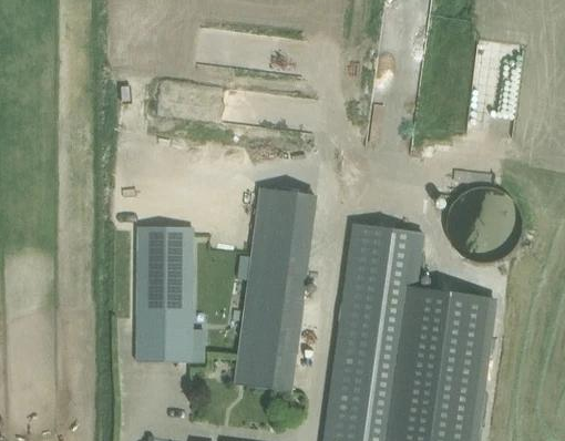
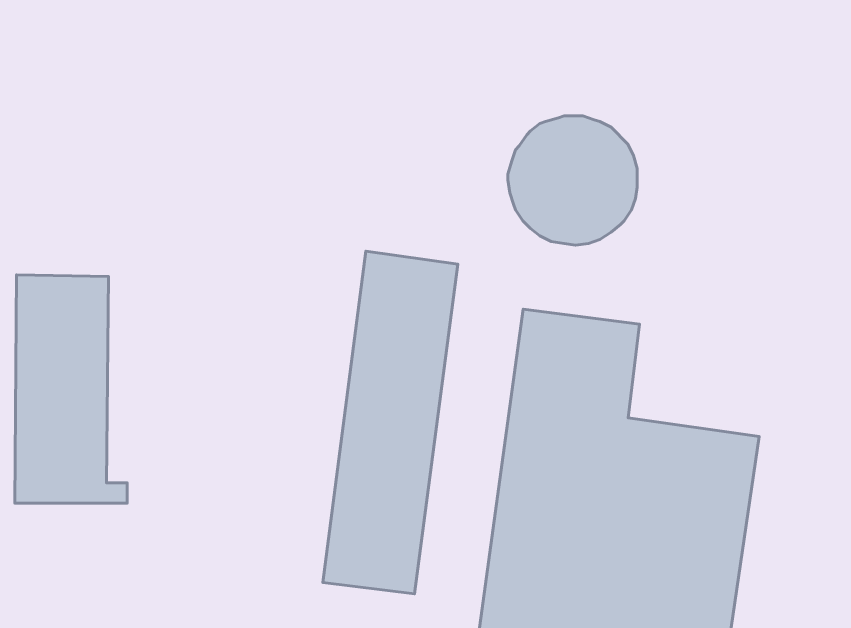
building: [445,186,522,263] -> [508,116,637,245]
building: [136,228,203,363] -> [15,275,127,503]

